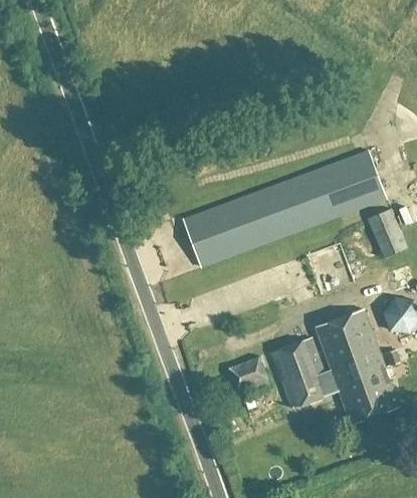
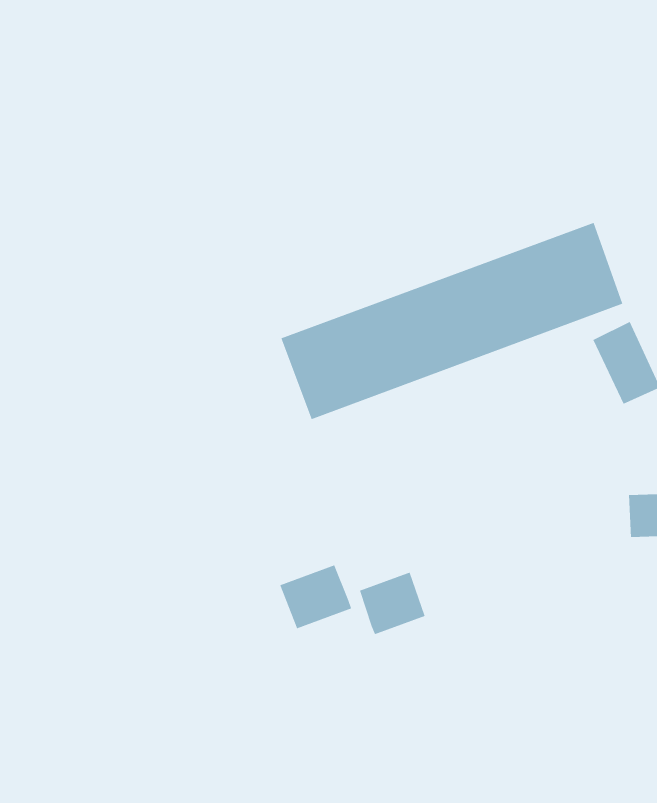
building: [271,308,399,424] -> none
building: none -> [280,565,352,629]

